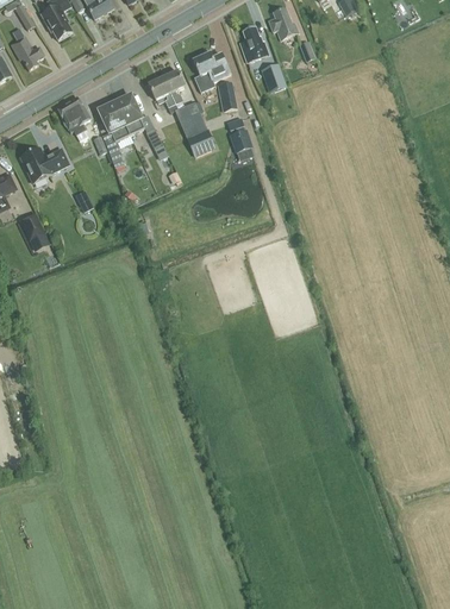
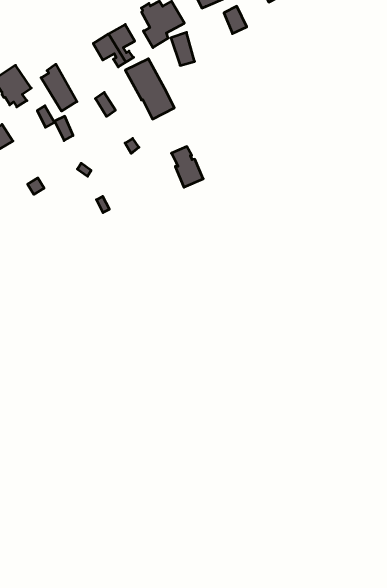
building: [113,96,144,134] -> none
building: [226,118,252,153] -> [171,147,203,187]

